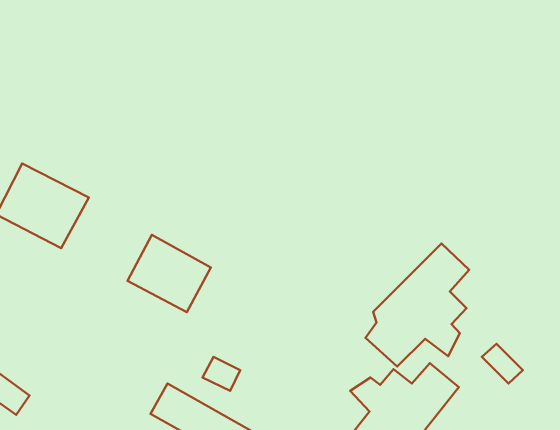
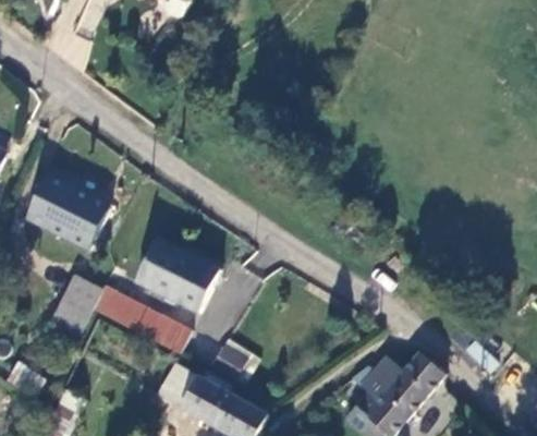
building: [365,243,469,367] -> none
building: none -> [46,276,96,339]
building: none -> [101,290,192,350]

